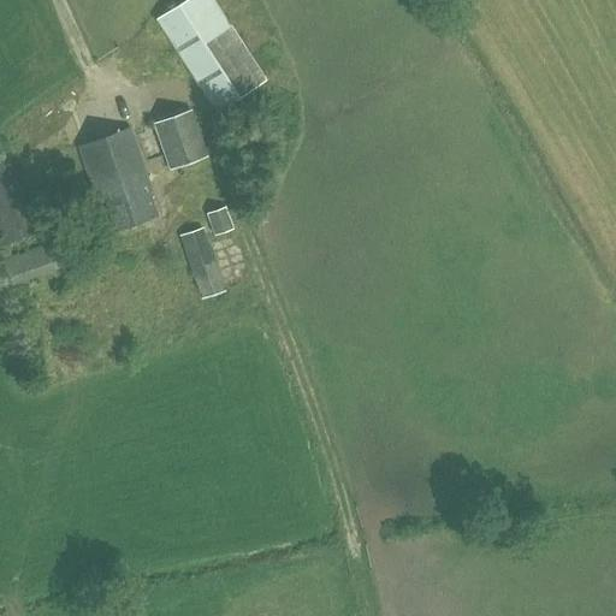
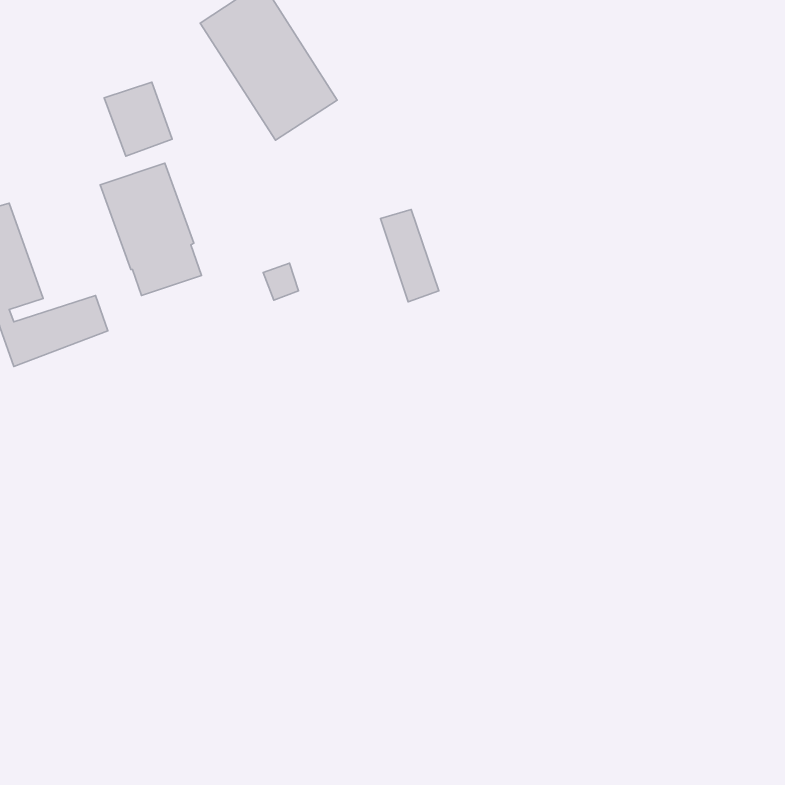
building: [153,111,206,168] -> [104,82,172,156]
building: [179,226,225,298] -> [380,209,439,302]

